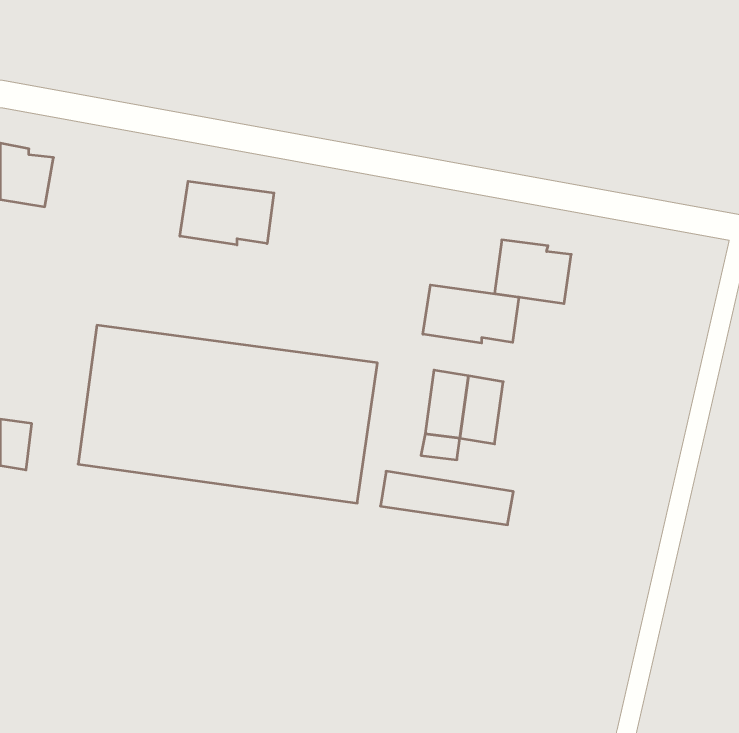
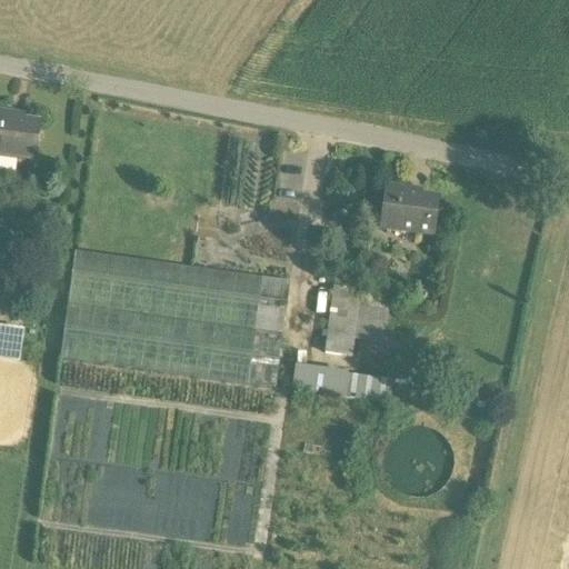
building: [180,181,274,245] -> none
building: [423,285,519,343] -> none

